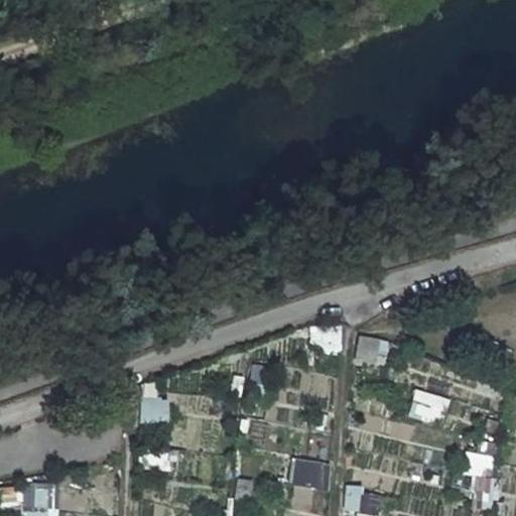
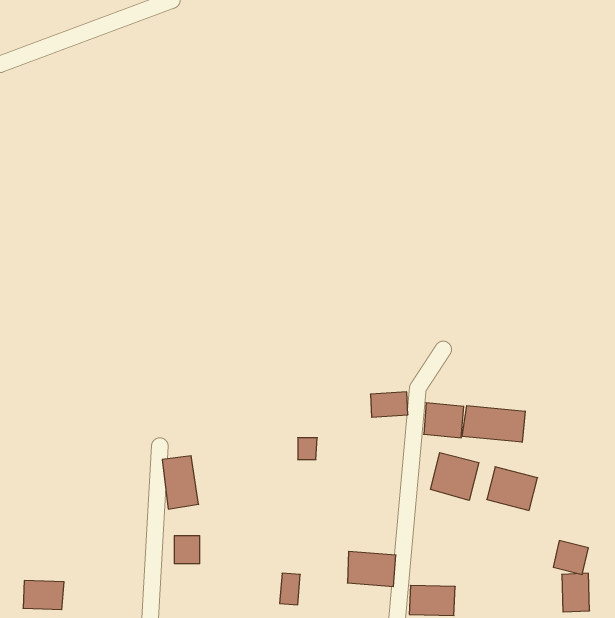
building: none -> [462,406,525,442]
building: none -> [430,453,479,500]

